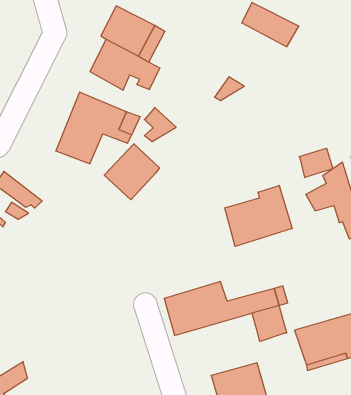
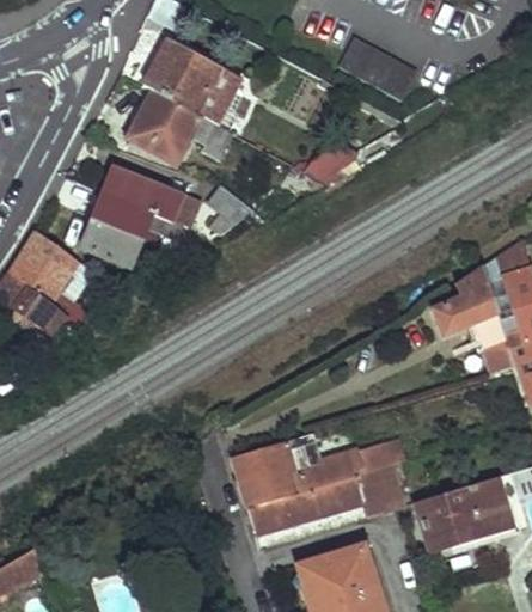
building: none -> [8,234,77,322]
building: [104,144,159,200] -> none
building: [299,148,333,178] -> none
building: [225,185,292,246] -> none
building: none -> [247,477,362,534]

